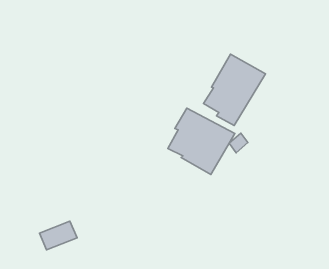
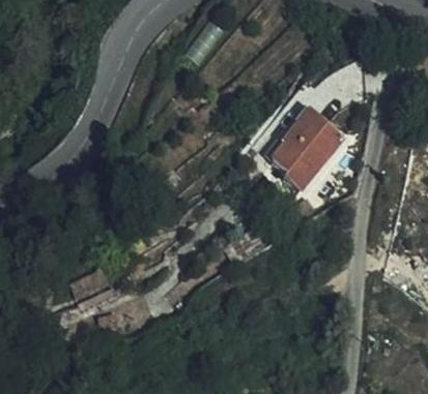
building: [168,108,235,174] -> none

